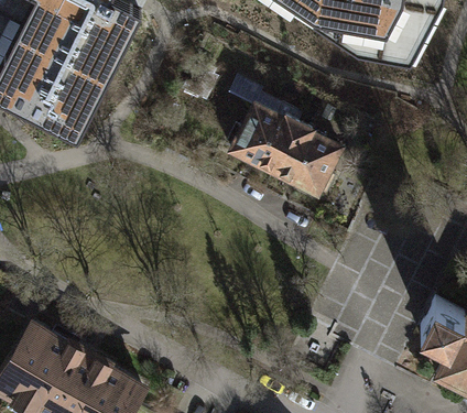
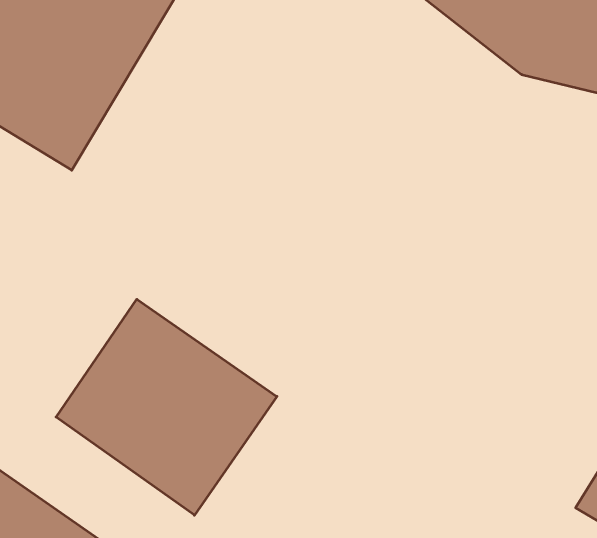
building: [228,98,343,192] -> none
building: none -> [56,299,277,515]

